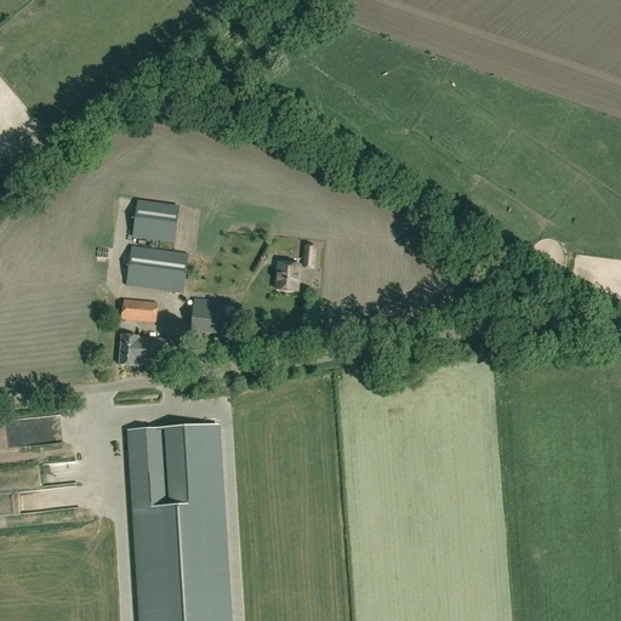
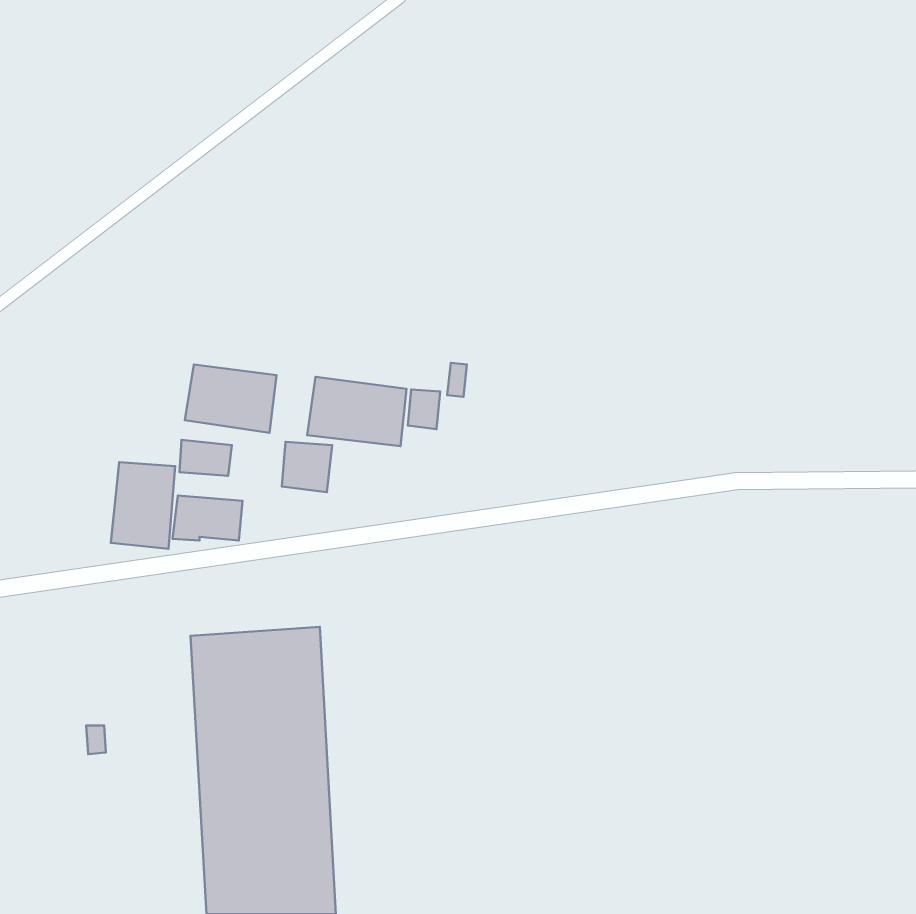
building: [132,199,177,241] -> none
building: none -> [307,377,406,446]
building: none -> [111,462,175,549]

